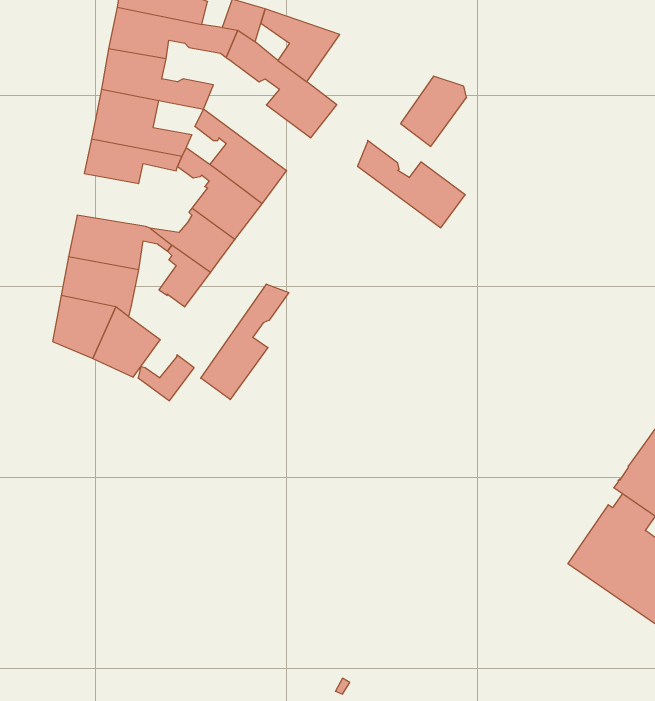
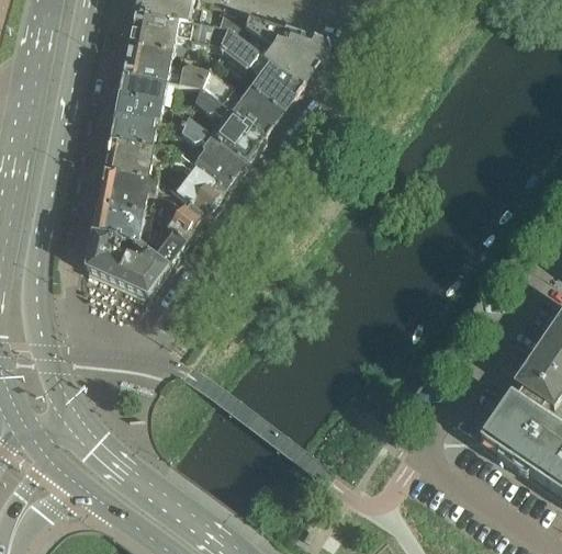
building: [401,76,467,146] -> [280,31,330,84]
building: [358,140,465,228] -> [201,68,283,135]
building: none -> [104,137,192,178]
building: [201,284,289,400] -> none
building: [138,355,194,401] -> [144,229,187,264]

